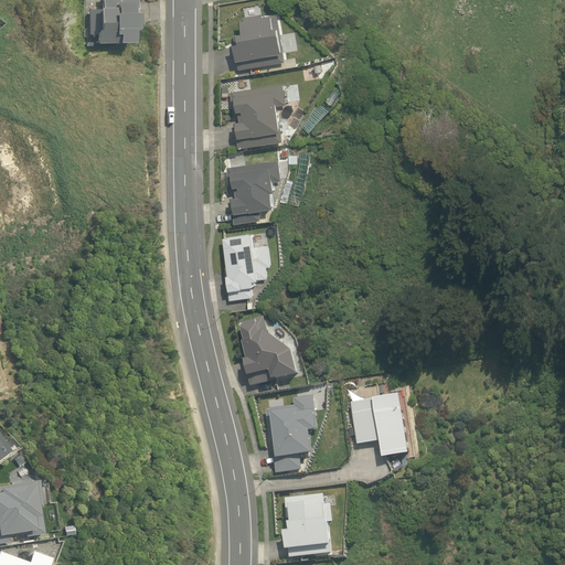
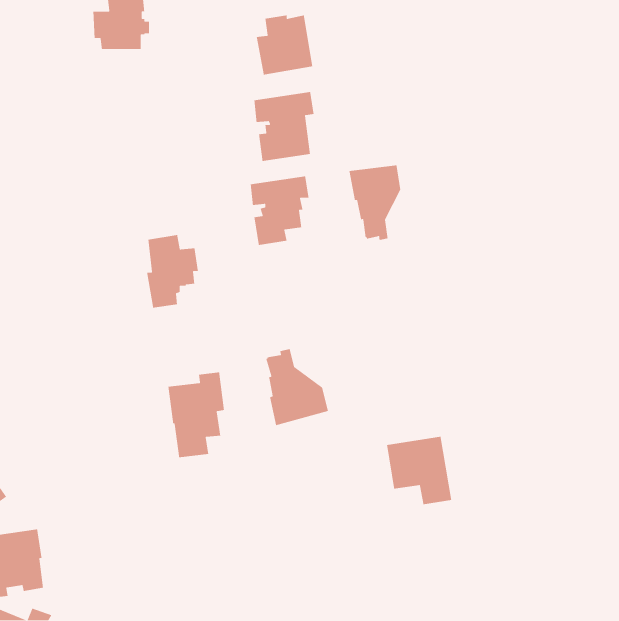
building: none -> [348,164,401,241]
building: [223,232,270,299] -> [146,234,199,308]
building: [265,395,317,473] -> [168,372,225,458]
building: [284,493,331,557] -> none

